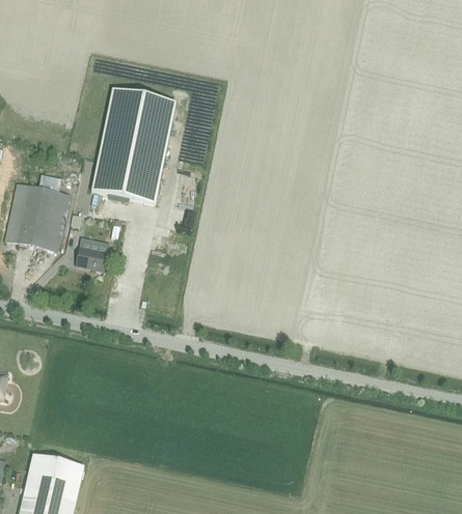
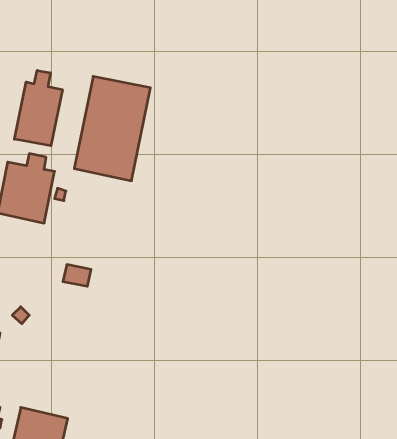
building: none -> [14,70,62,146]
building: [76,246,107,269] -> [63,265,91,286]

